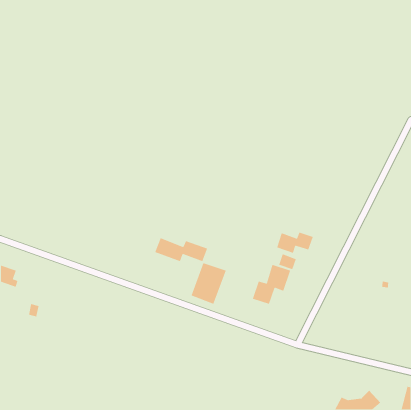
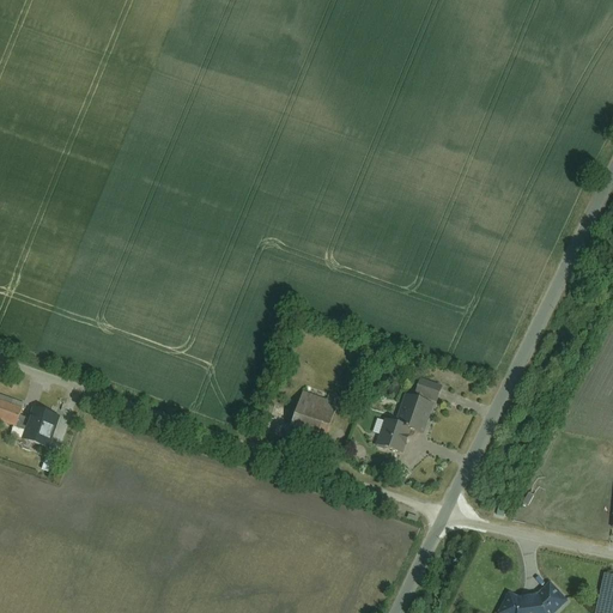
building: [276,232,314,254] -> none
building: [154,237,208,262] -> none
building: none -> [20,405,59,448]

